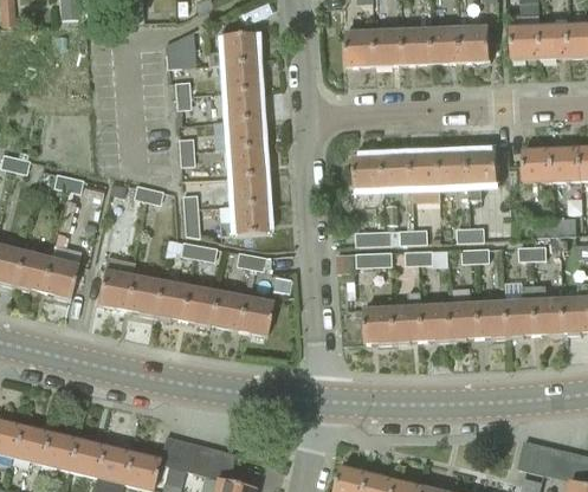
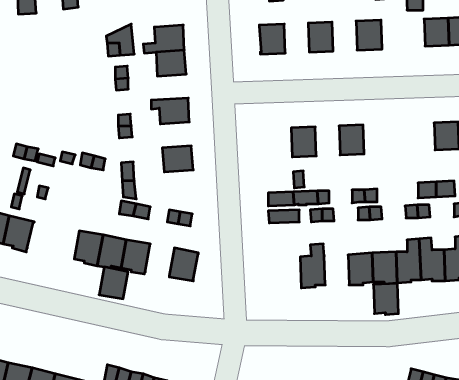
building: [511,25,542,58] -> none
building: [432,27,461,63] -> none
building: [375,30,405,65] -> none
building: [215,90,261,121] -> none
building: [228,147,265,177] -> none
building: [523,148,554,181] -> none
building: [469,149,499,199] -> none
building: [412,151,441,187] -> none
building: [354,154,385,189] -> none
building: [219,203,269,237] -> none
building: [97,270,133,309] -> none
building: [211,291,245,329] -> [99,267,128,299]
building: [422,304,452,341] -> [373,284,398,315]
building: [364,306,395,344] -> none

